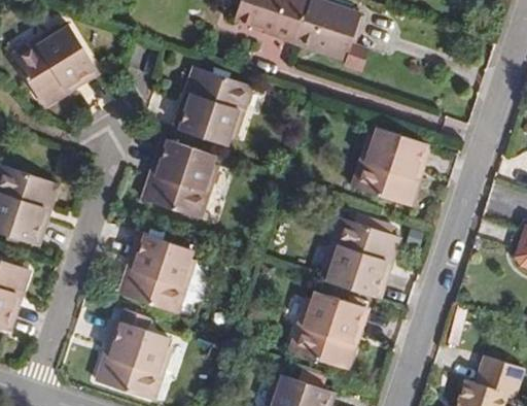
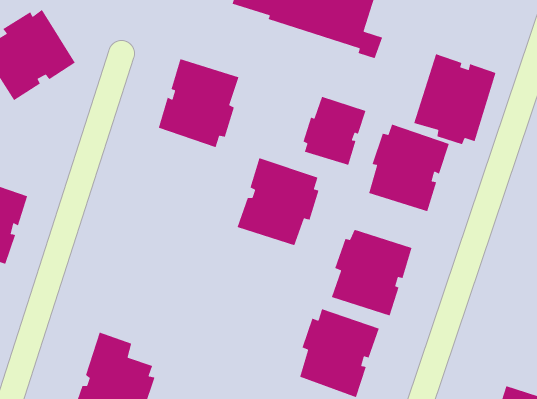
building: none -> [413,53,496,145]
building: none -> [303,96,366,166]
building: [147,138,220,216] -> [237,157,320,246]
building: [122,230,197,308] -> none

